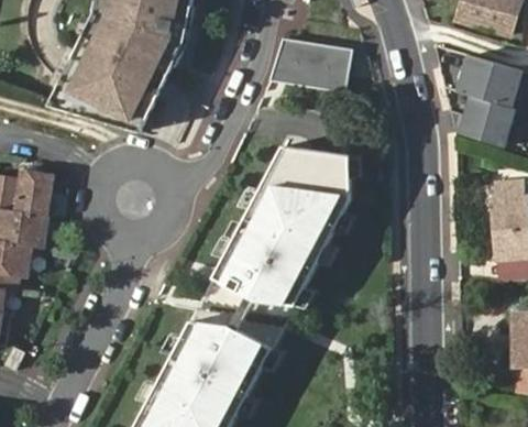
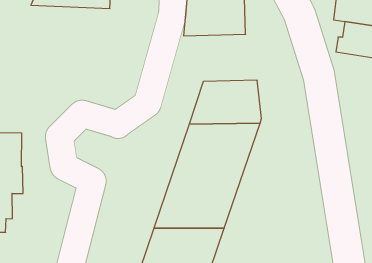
building: [51,15,186,128] -> none

